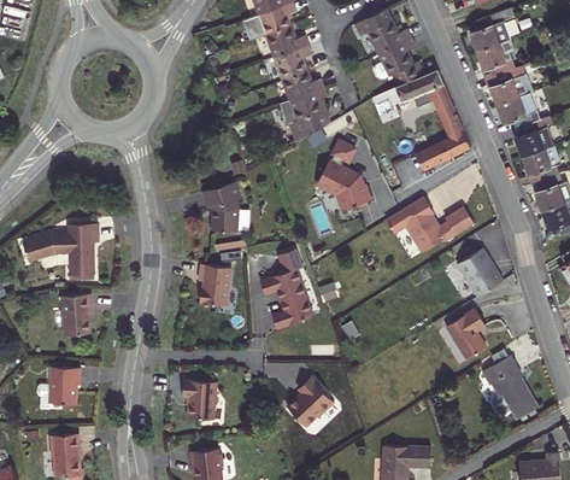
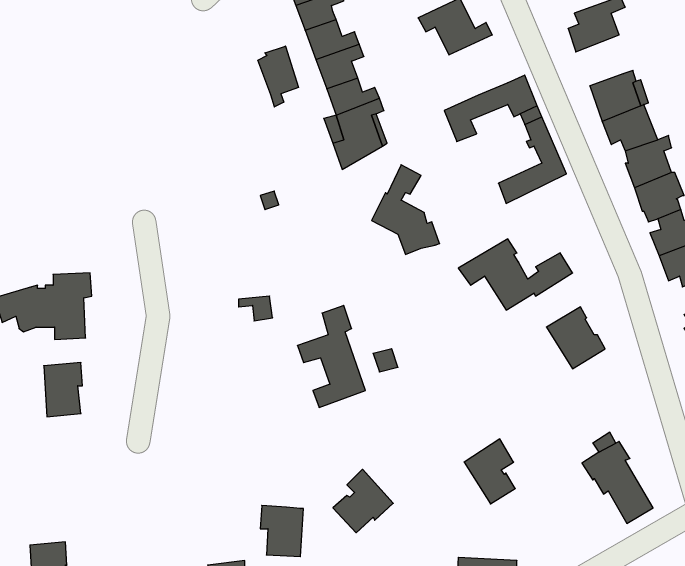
building: [374,37,423,84] -> none
building: [476,37,515,77] -> none
building: none -> [258,46,298,107]
building: [202,181,240,232] -> none
building: [199,264,230,305] -> none
building: [446,308,486,358] -> [464,439,515,504]
building: [40,365,80,410] -> none
building: [182,379,216,418] -> [260,505,303,557]

